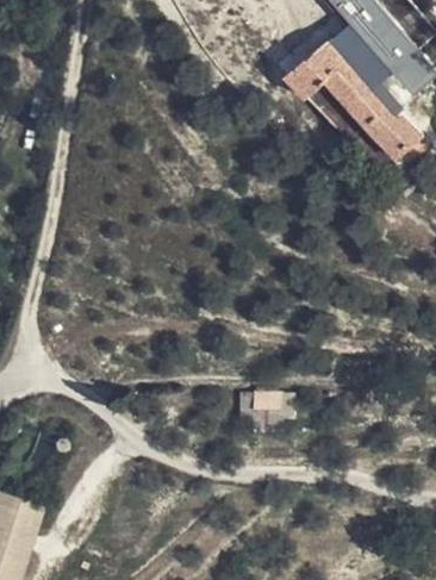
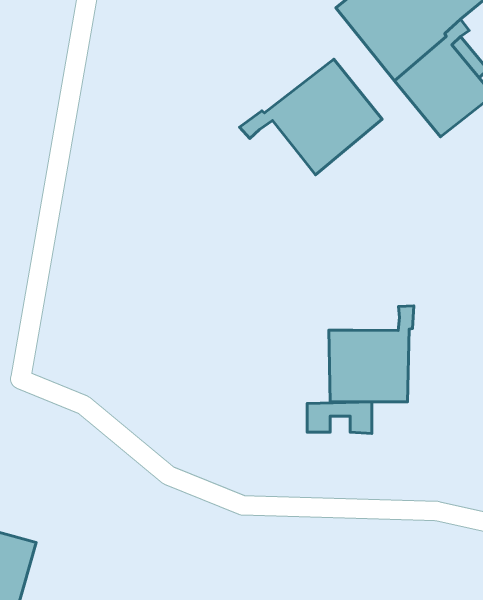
building: none -> [240,59,382,175]
building: none -> [329,306,414,402]

